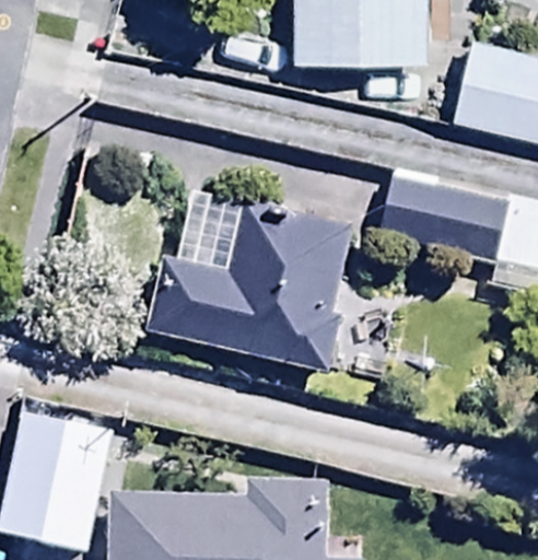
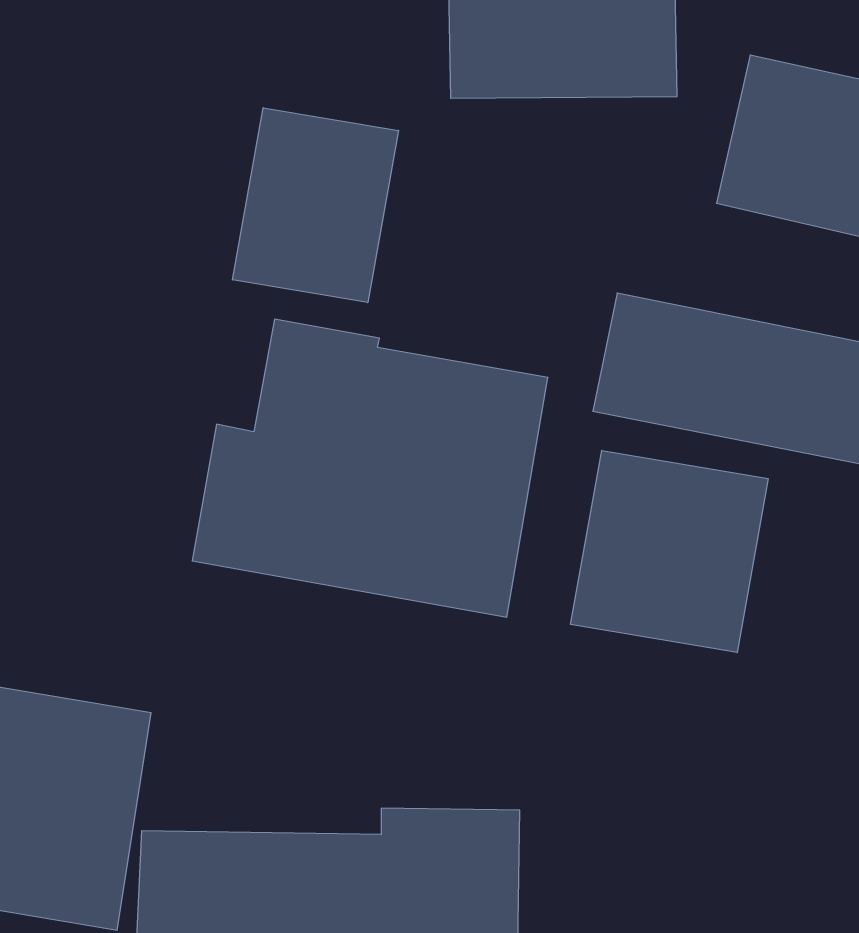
building: none -> [233,108,399,303]
building: none -> [571,450,768,653]

